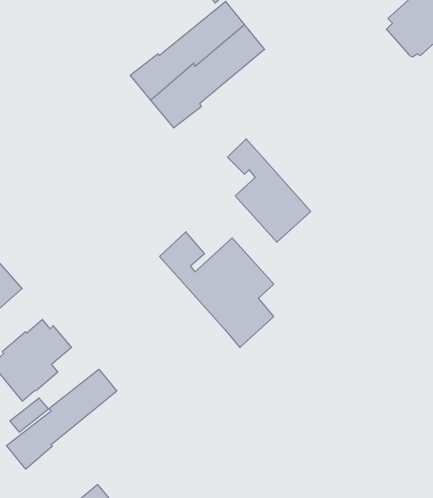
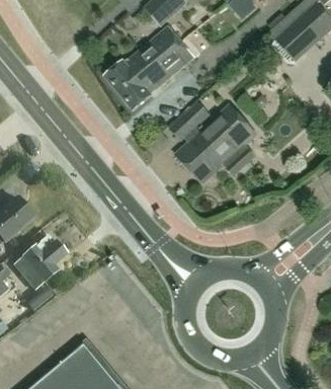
building: [160,232,274,348] -> [180,101,255,177]
building: [7,369,117,469] -> none

